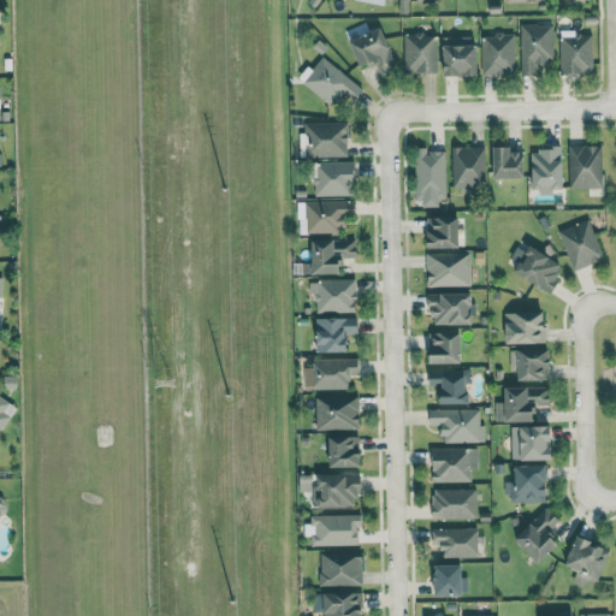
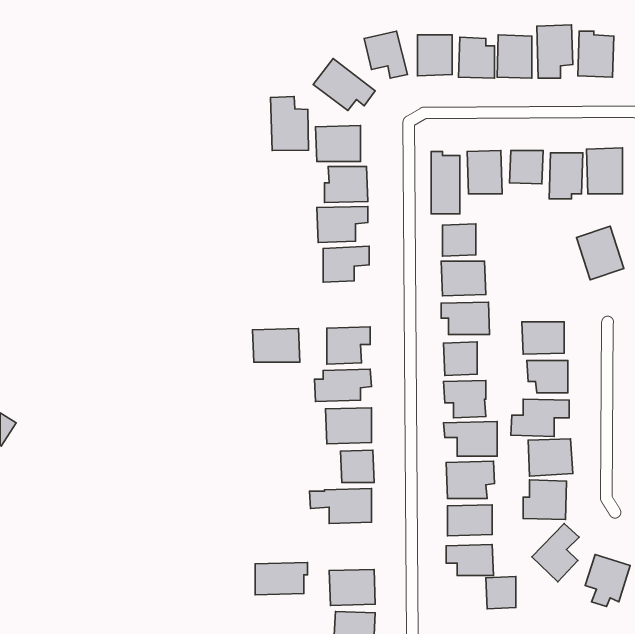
building: none -> [271,96,309,151]
building: [508,245,565,294] -> none
building: [313,280,359,313] -> [253,329,300,362]
building: [312,515,362,546] -> [255,562,307,595]
building: [434,565,463,597] -> [486,577,516,609]

